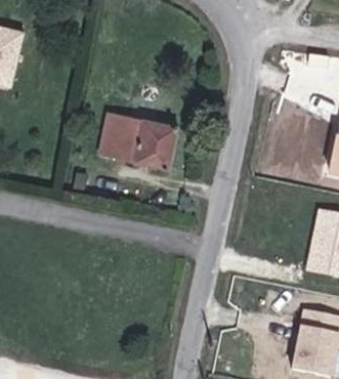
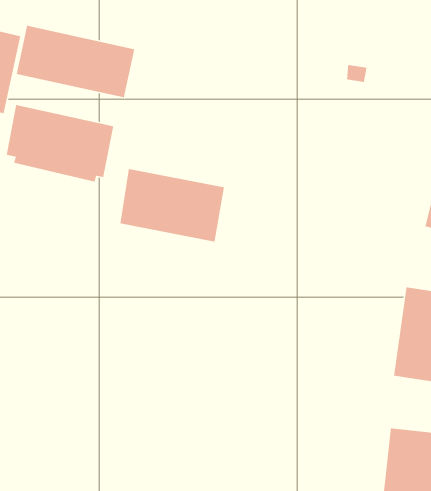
building: none -> [16,25,135,98]
building: none -> [6,104,114,182]

